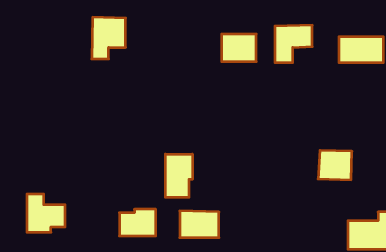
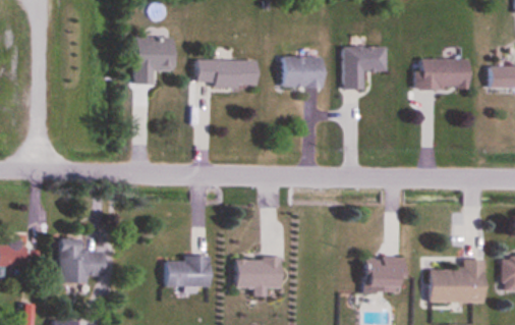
building: none -> [196,59,258,86]
building: [318,150,352,180] -> [362,257,401,290]
building: [165,154,192,197] -> none

